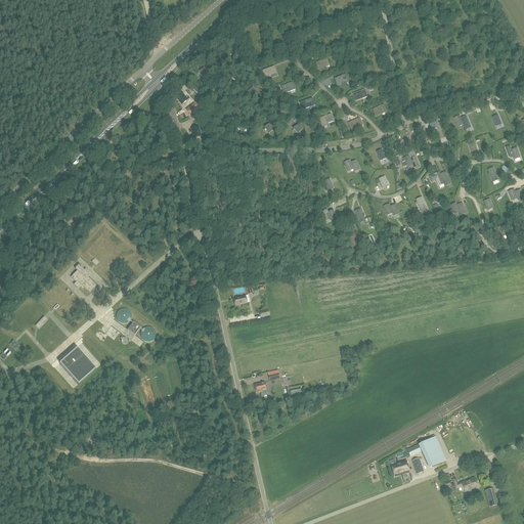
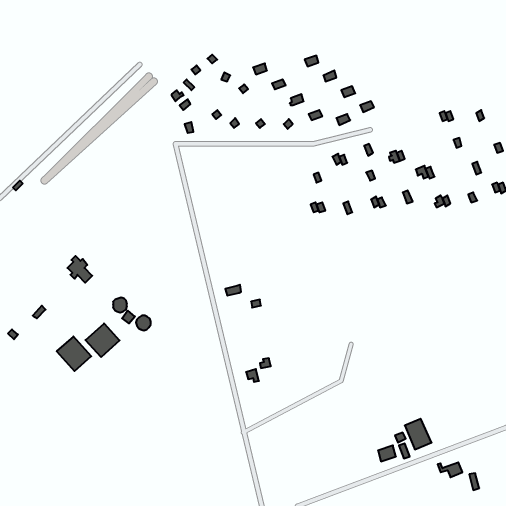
building: none -> [85,323,120,357]

